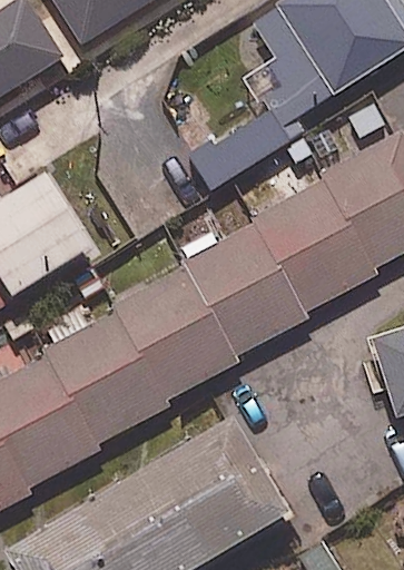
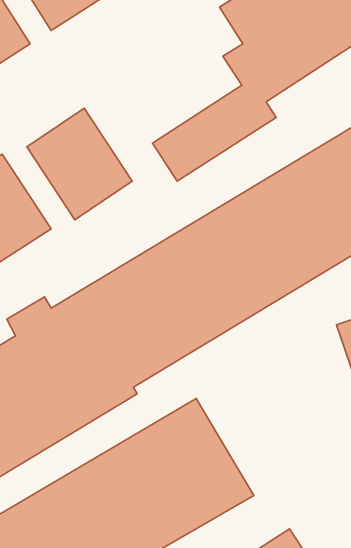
building: none -> [27,108,132,220]

